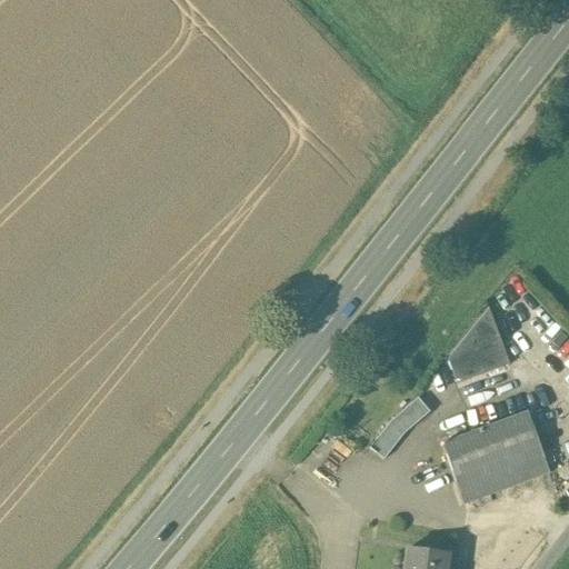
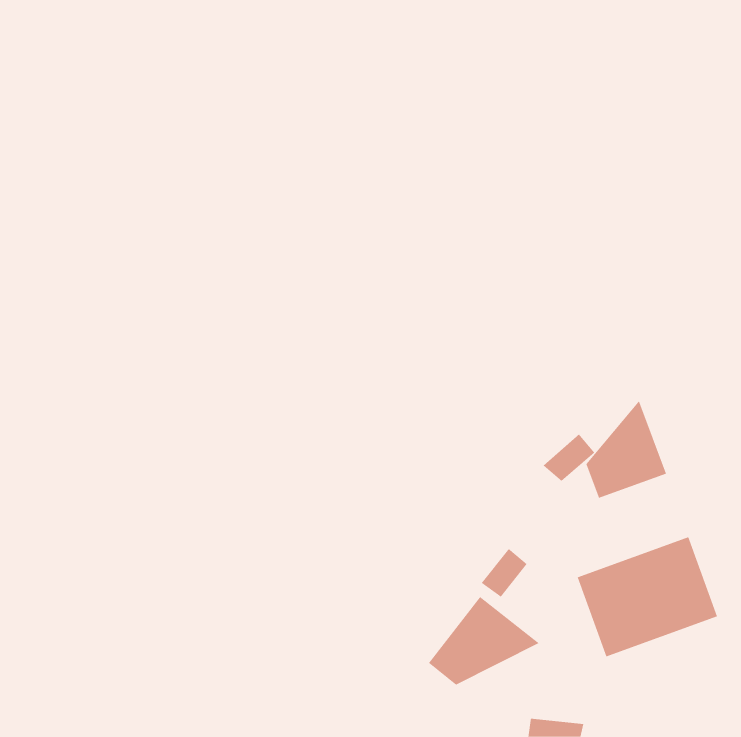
building: [390,395,430,431] -> [543,433,595,481]
building: none -> [428,596,540,685]

